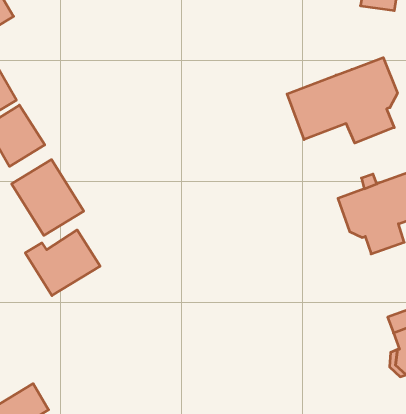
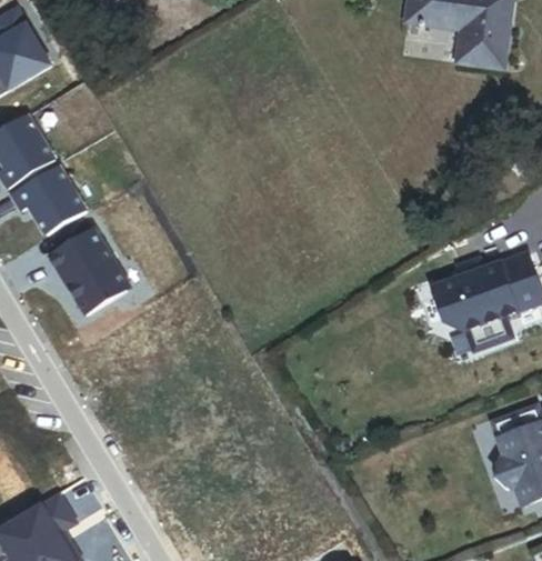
building: [287,58,397,143] -> none
building: [25,230,100,296] -> none

